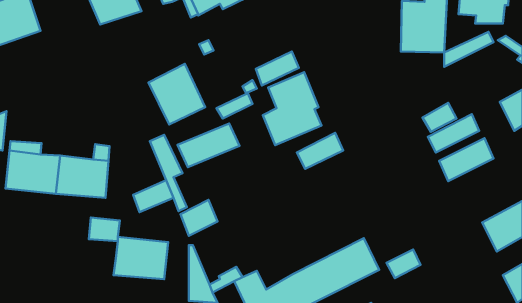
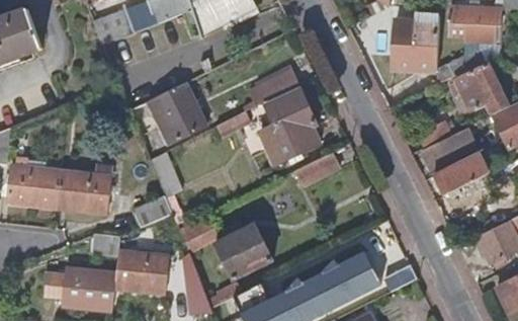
building: none -> [450,65,510,115]
building: [178,124,239,167] -> none
building: none -> [217,226,270,278]
building: none -> [64,269,116,311]

